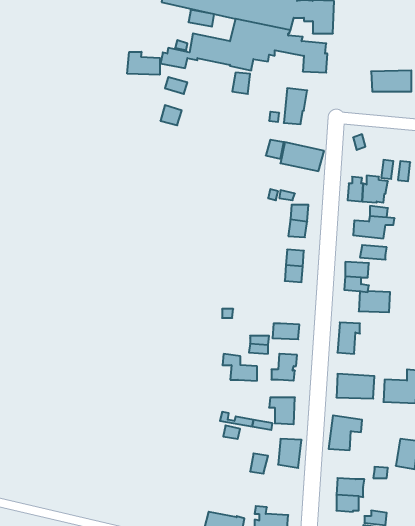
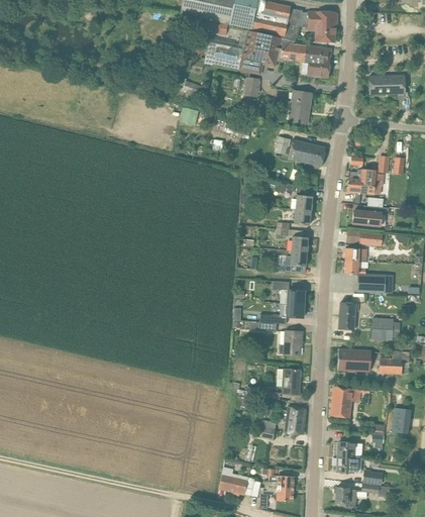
building: [127,52,160,75] -> none
building: none -> [371,317,394,341]
building: [222,354,257,381] -> [273,280,304,304]

